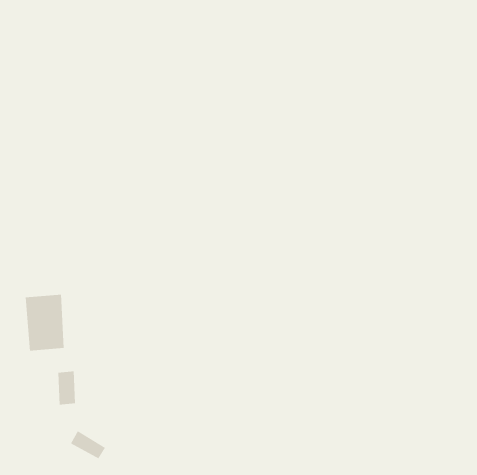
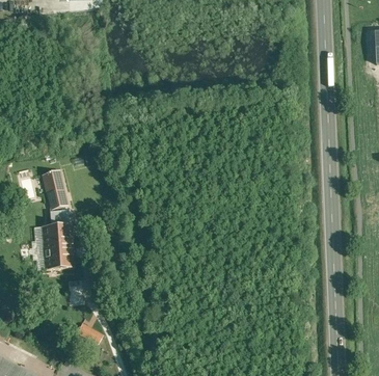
building: none -> [43,169,66,209]

